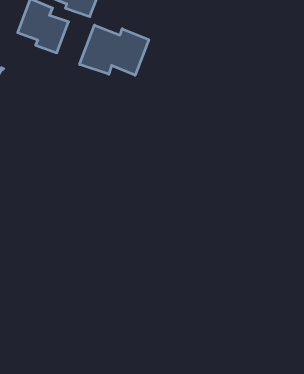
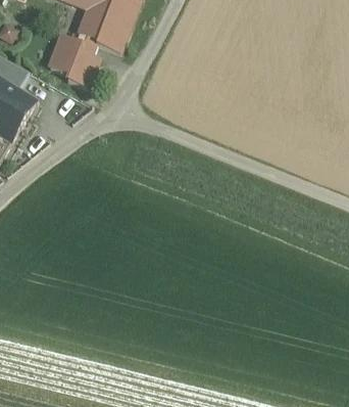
building: [80,25,149,75] -> none

